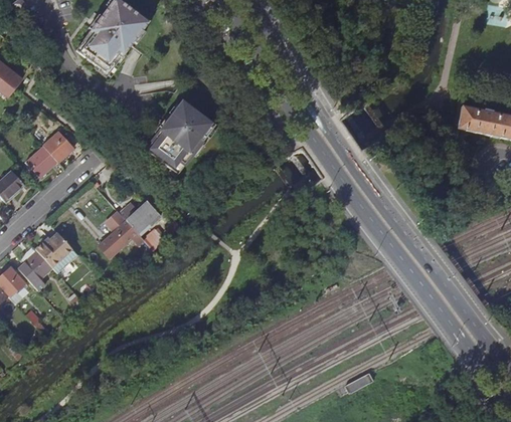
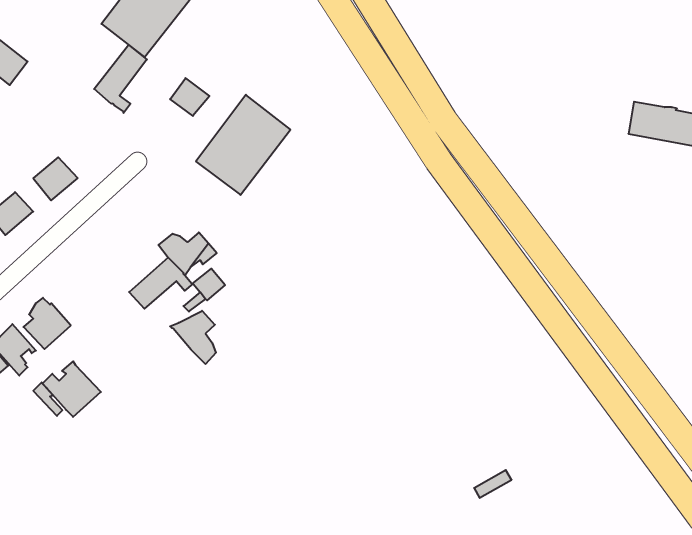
building: none -> [94,45,147,113]
building: none -> [170,78,209,116]
building: [42,130,74,161] -> none
building: [36,232,78,272] -> [42,361,101,417]
building: none -> [170,311,216,364]

